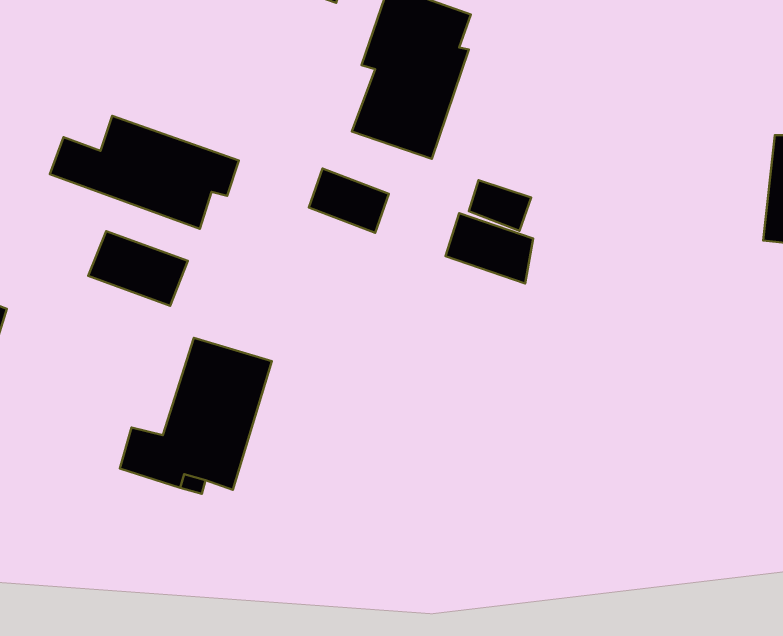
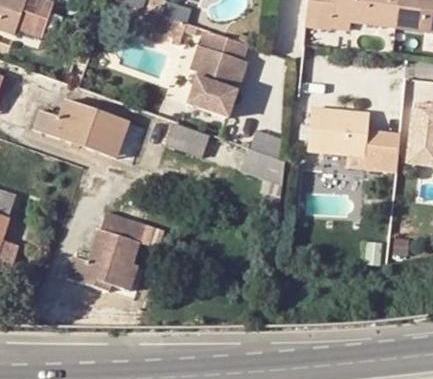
building: none -> [309,107,400,173]
building: [88,231,188,306] -> none

